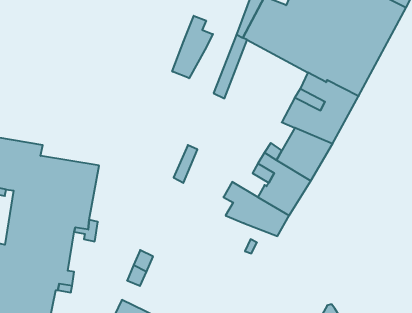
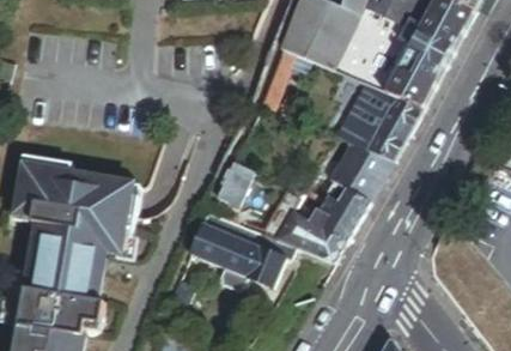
building: [172,16,213,78] -> none
building: none -> [190,213,294,290]

